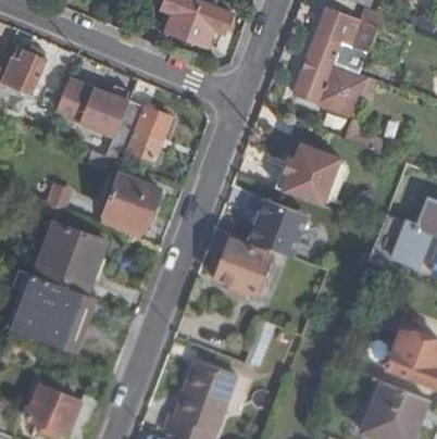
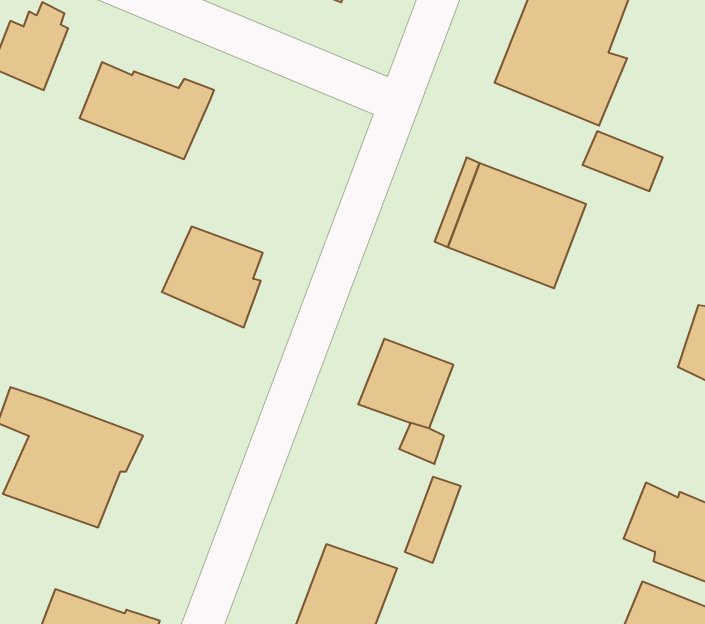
building: [110,101,172,164] -> none
building: [249,199,309,256] -> none
building: [32,223,104,294] -> none

